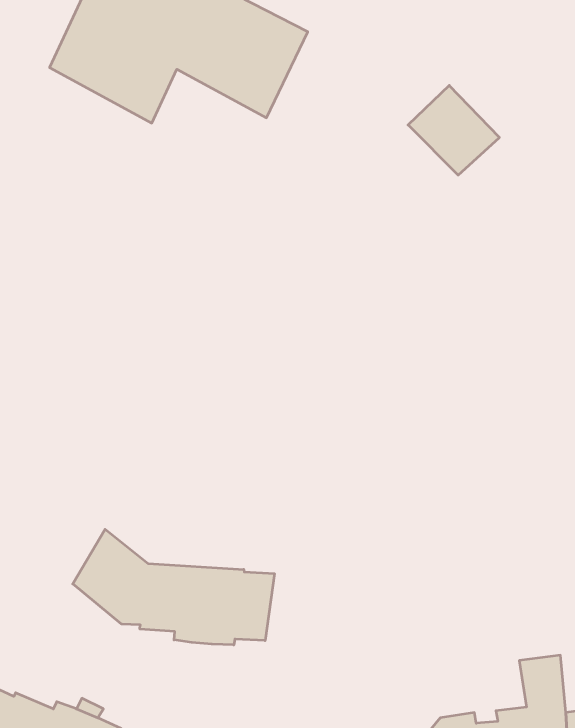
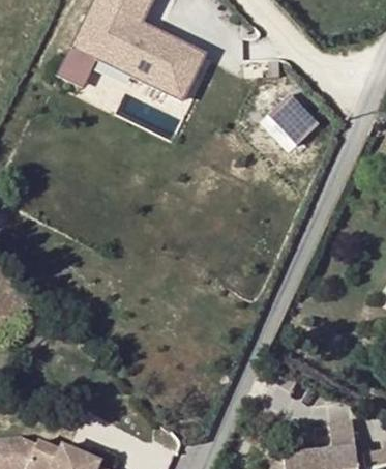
building: [73,529,274,645] -> none

